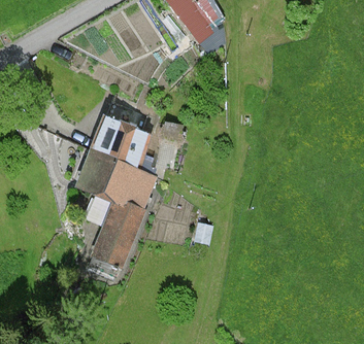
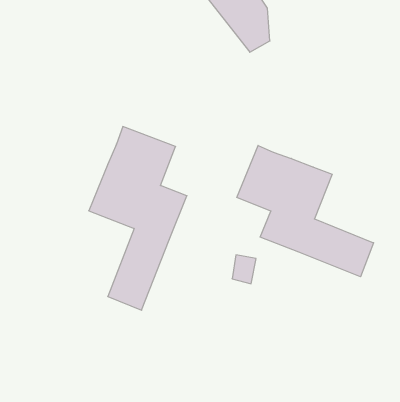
building: none -> [237,145,374,277]

